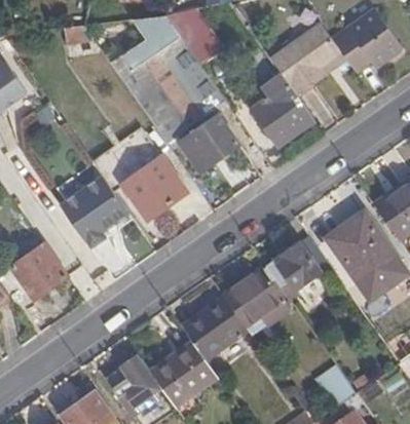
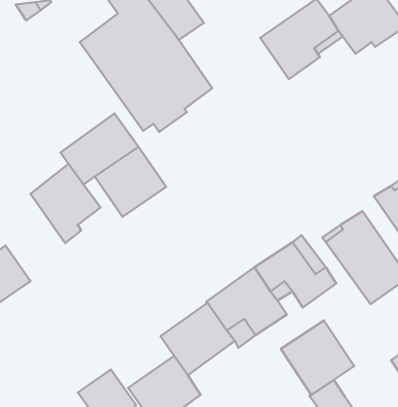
building: [251,73,313,147] -> none
building: [180,121,236,174] -> none
building: none -> [281,320,354,395]

